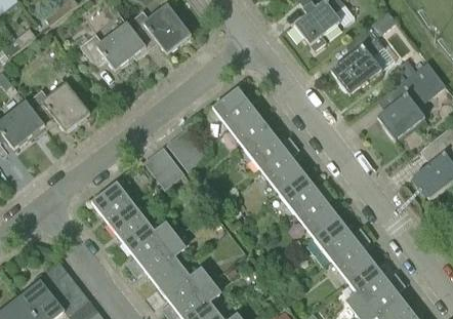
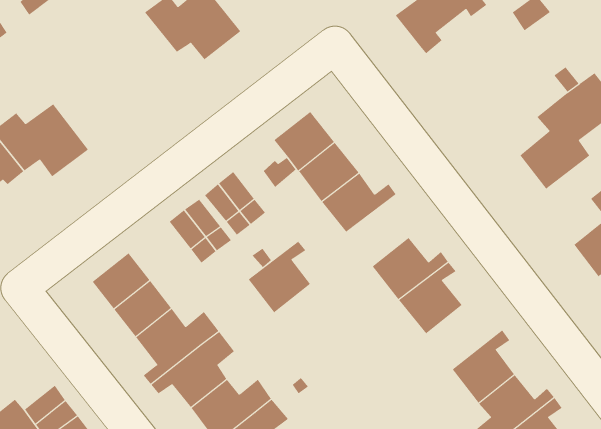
building: [79,22,148,70] -> none
building: [329,25,383,94] -> none
building: [260,143,302,191] -> [248,241,311,313]
building: [314,216,365,260] -> none

